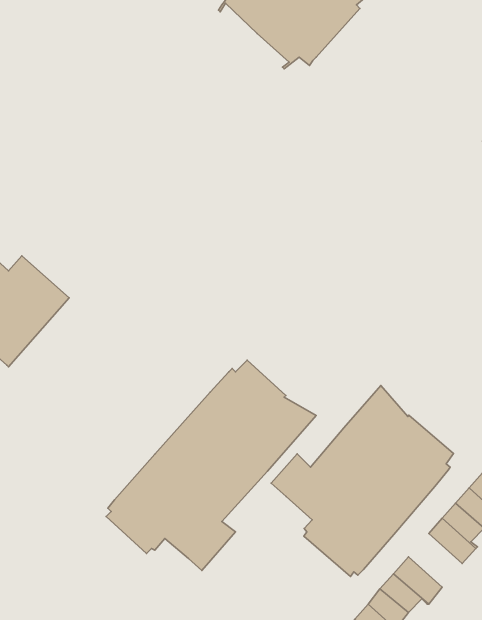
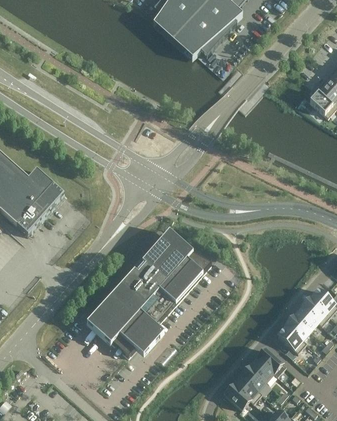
building: [271,386,453,576] -> none

